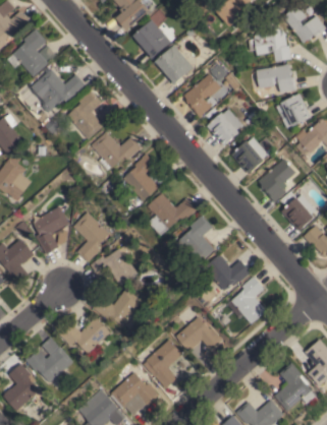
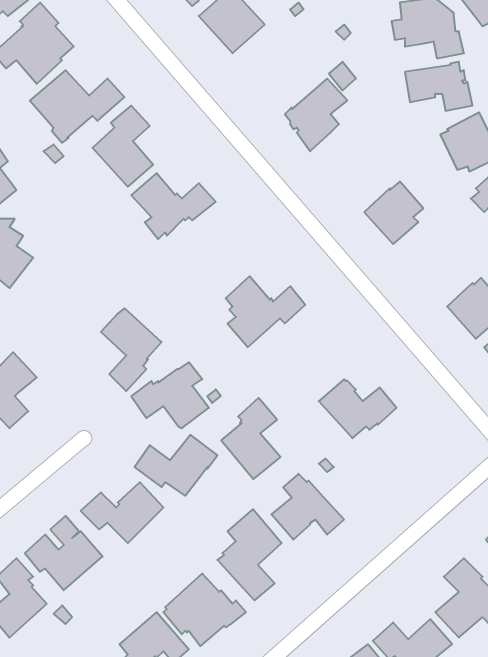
building: [154,45,194,85] -> none
building: [206,109,242,146] -> none
building: [123,154,159,200] -> none
building: [258,159,295,202] -> none
building: [32,206,68,254] -> none
building: [179,215,215,263] -> [221,398,280,479]
building: [228,277,266,324] -> none

